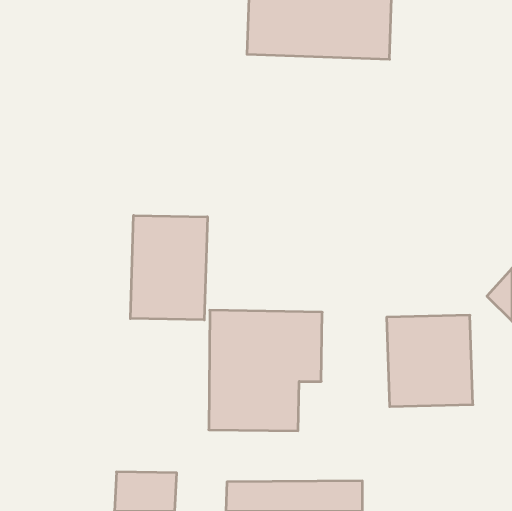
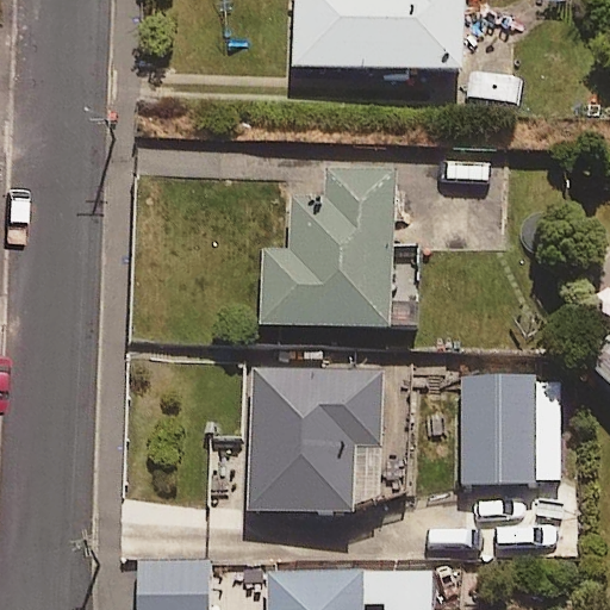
building: none -> [261,173,396,328]
building: [130,215,207,320] -> none

